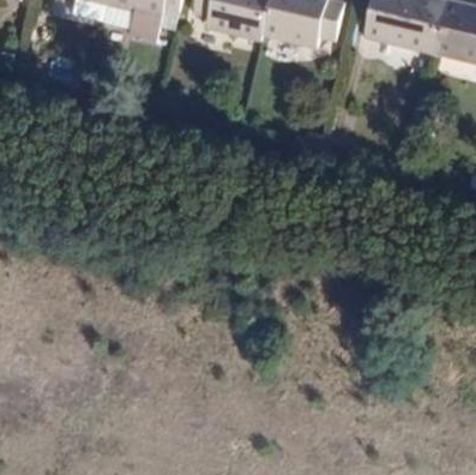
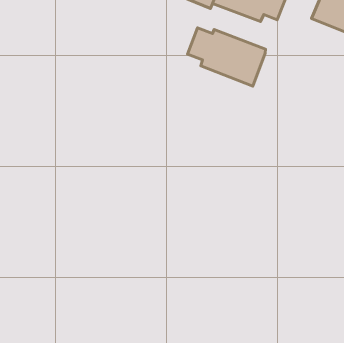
building: none -> [188,28,265,86]

